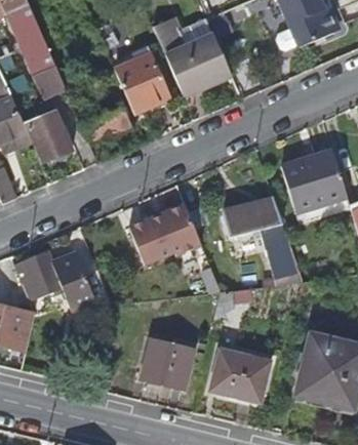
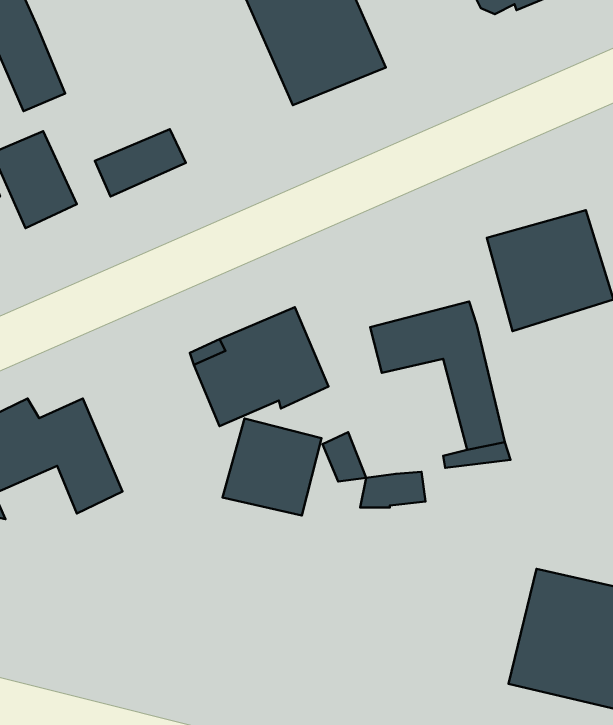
building: [113,52,168,114] -> none
building: [142,338,193,389] -> [223,418,322,515]
building: [209,350,271,402] -> none

